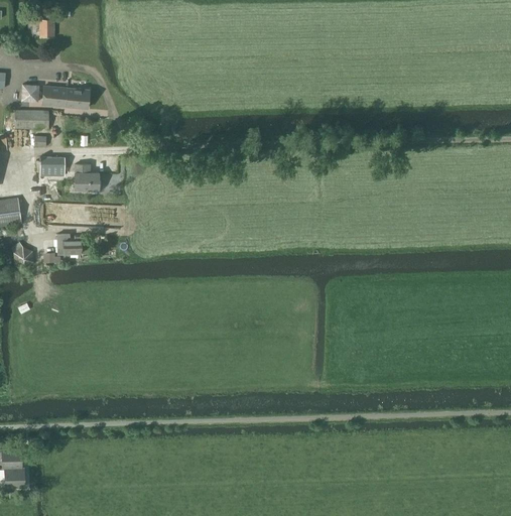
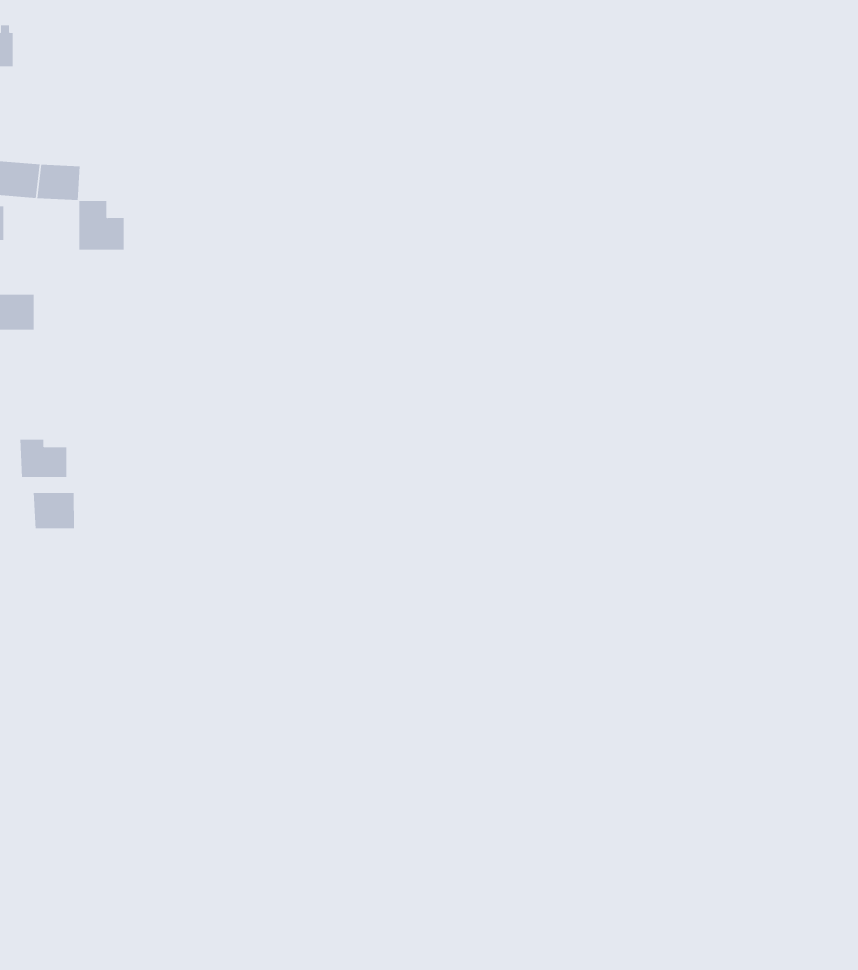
building: [75,164,99,190] -> [79,200,124,250]
building: none -> [33,492,74,529]

